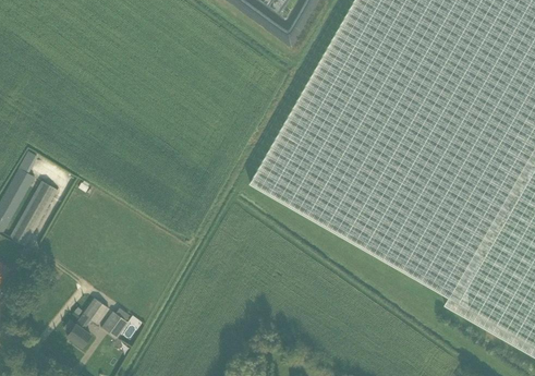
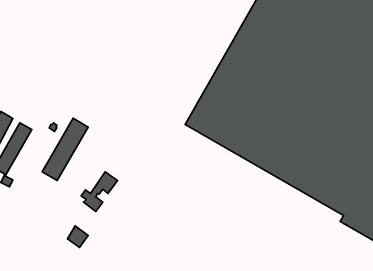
building: none -> [42,118,88,181]
building: [63,298,109,348] -> [81,172,117,212]

